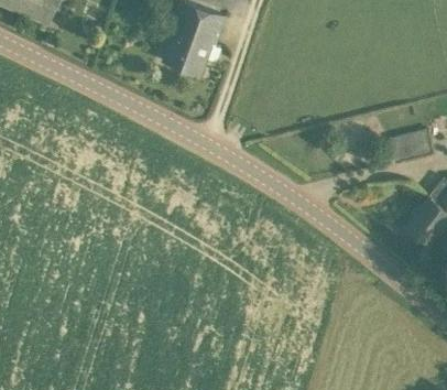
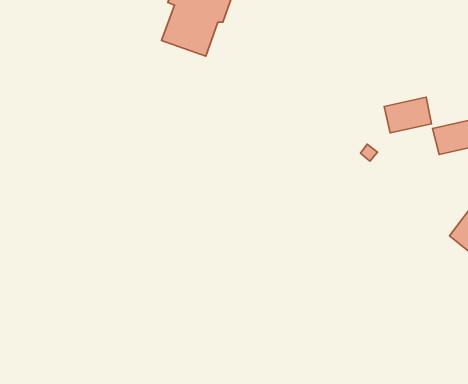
building: none -> [384,97,431,133]

